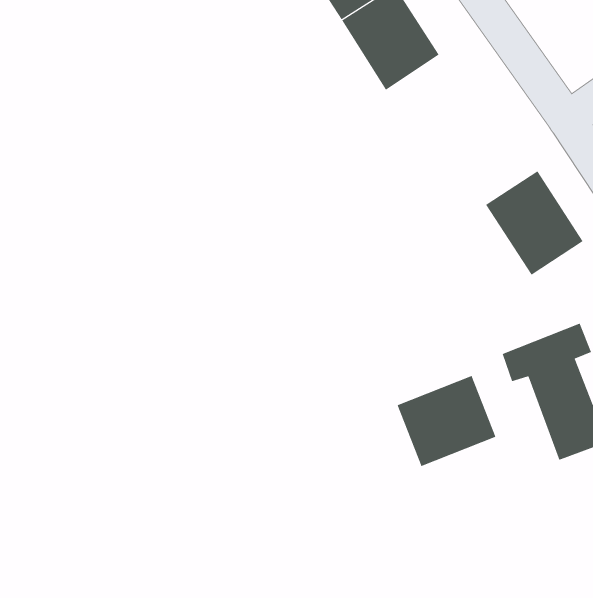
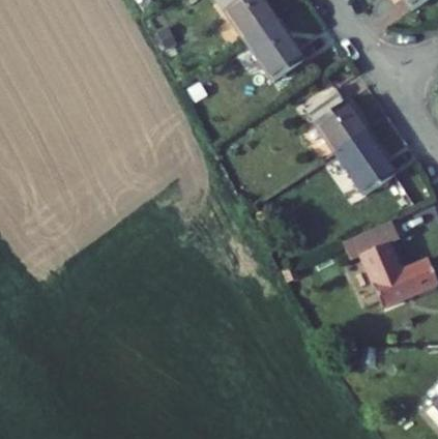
building: none -> [304,86,367,149]
building: [397,375,496,467] -> none

